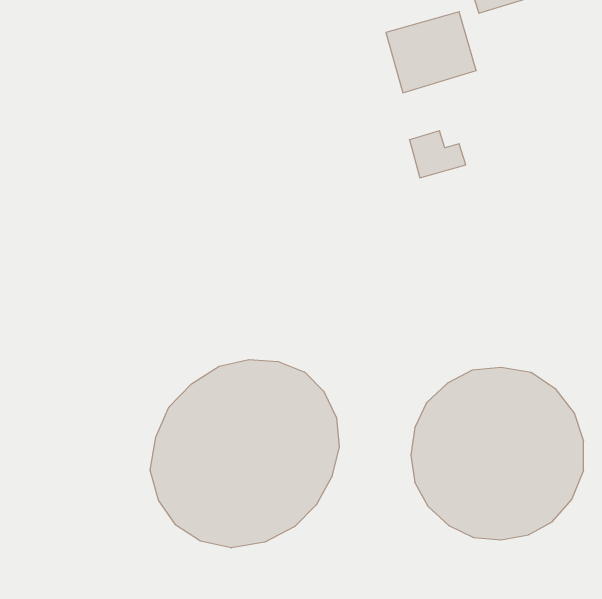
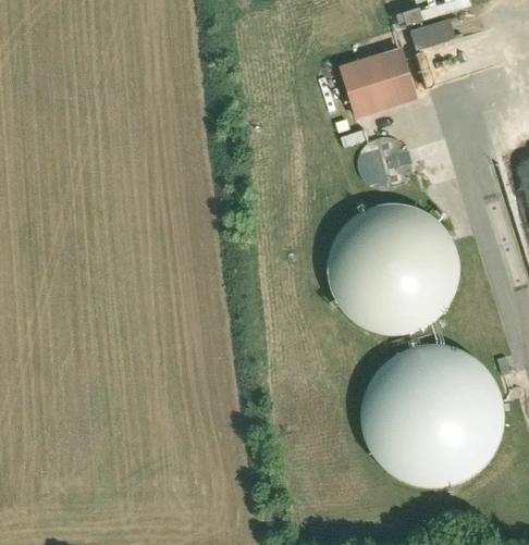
building: none -> [329,207,455,333]
building: [150,360,339,548] -> none

